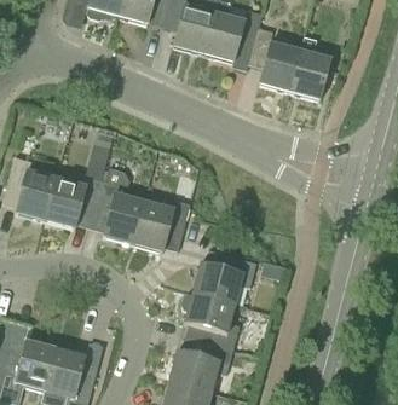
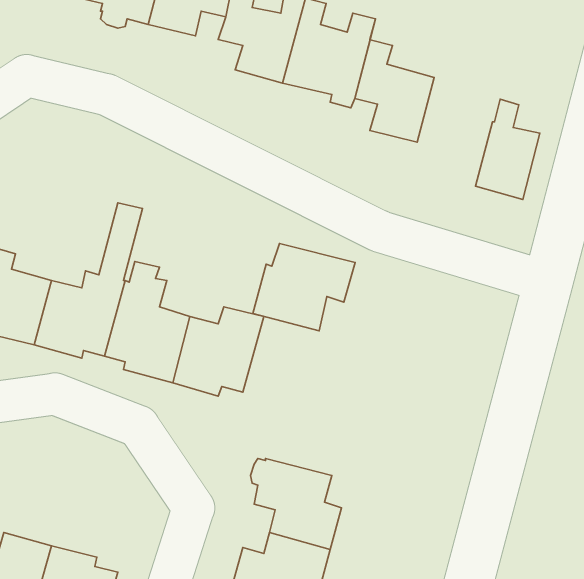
building: [288,35,329,99] -> [475,99,540,199]
building: [191,248,256,303] -> [253,243,355,331]

